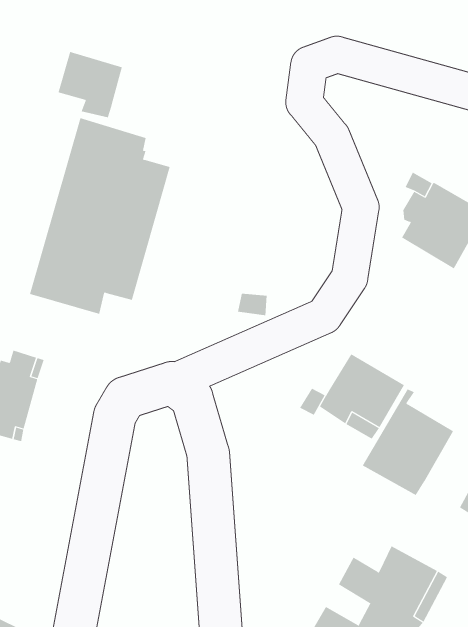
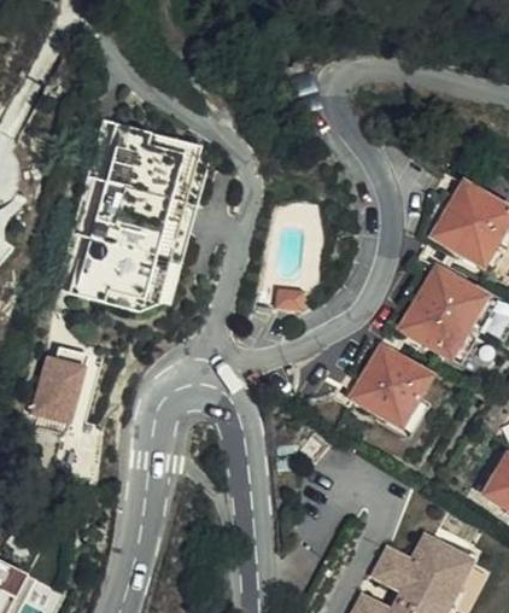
building: [58,51,123,118] -> none
building: [362,388,454,496] -> [399,257,487,360]

